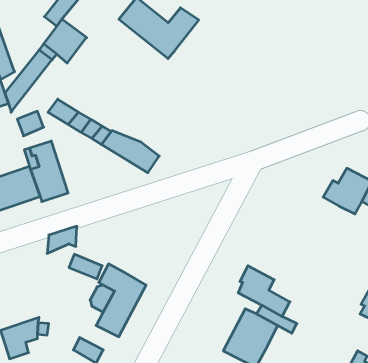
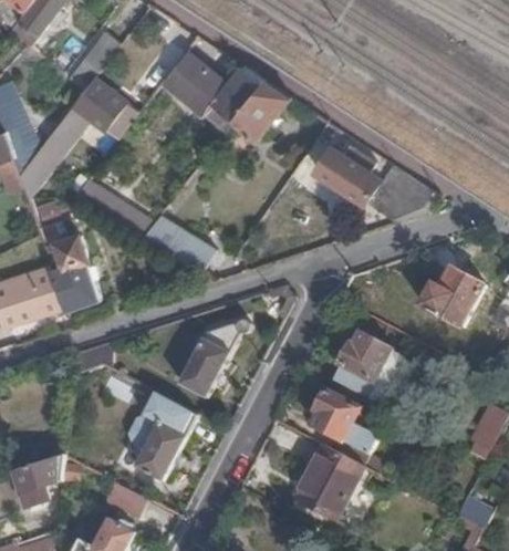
building: none -> [232,81,290,139]
building: none -> [315,146,437,221]
building: none -> [179,320,250,396]
building: none -> [330,331,407,398]

